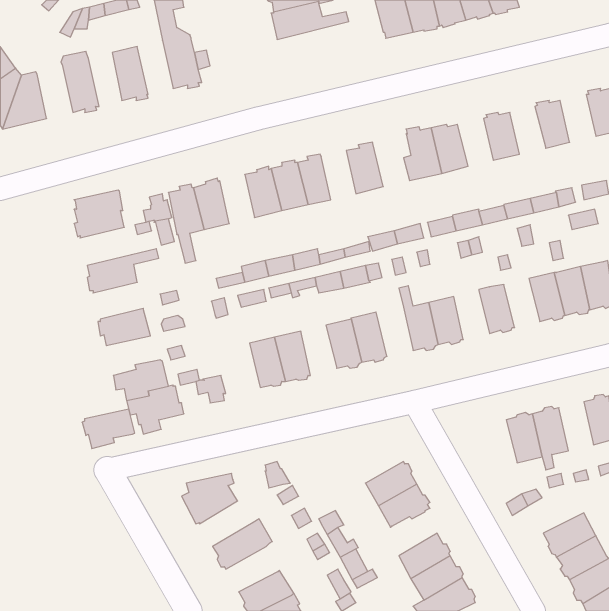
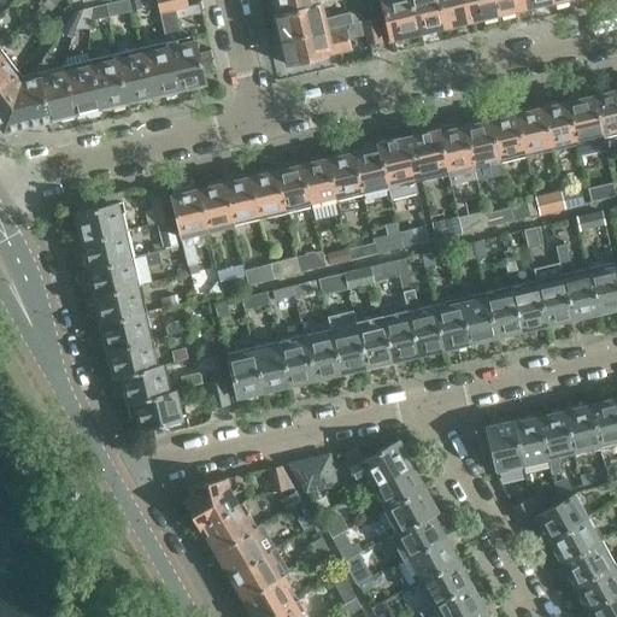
building: none -> [281,16,383,64]
building: none -> [140,41,176,95]
building: none -> [39,53,75,119]
building: none -> [90,53,124,107]
building: none -> [566,95,606,155]
building: none -> [516,107,552,155]
building: none -> [463,119,499,168]
building: none -> [377,135,416,188]
building: none -> [325,149,360,201]
building: none -> [223,174,258,225]
building: none -> [82,229,134,268]
building: none -> [510,281,546,330]
building: none -> [93,284,146,322]
building: none -> [375,284,418,359]
building: none -> [459,293,495,342]
building: none -> [305,328,341,378]
building: none -> [227,346,264,396]
building: none -> [565,404,600,454]
building: [82,409,135,449] -> [106,339,159,378]
building: none -> [477,422,523,474]
building: none -> [343,441,410,490]
building: none -> [288,454,336,492]
building: none -> [536,490,590,537]
building: none -> [202,504,257,551]
building: none -> [390,516,442,560]
building: none -> [229,547,288,597]

